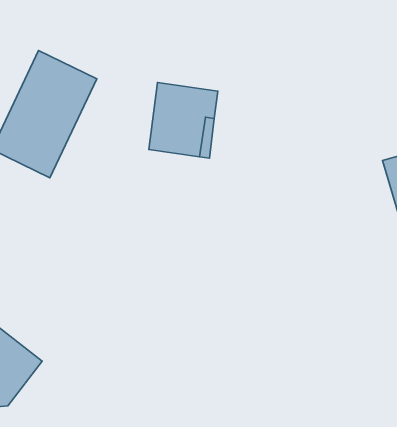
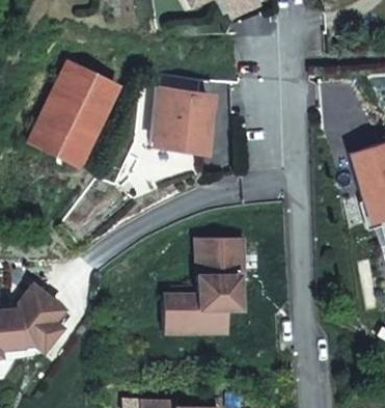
building: none -> [164,239,246,332]

